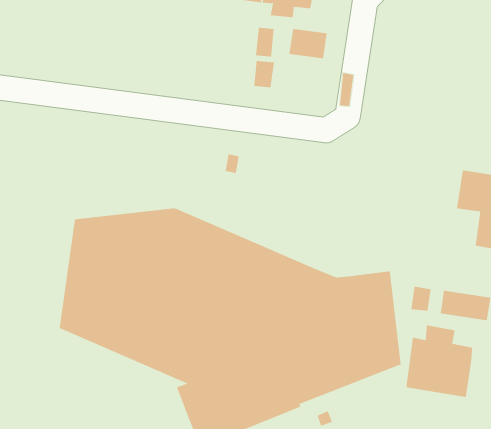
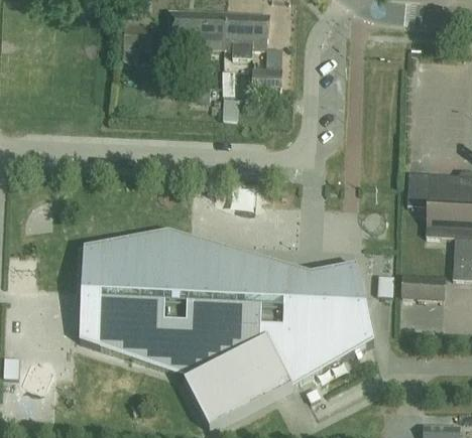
building: [406,324,473,398] -> none

